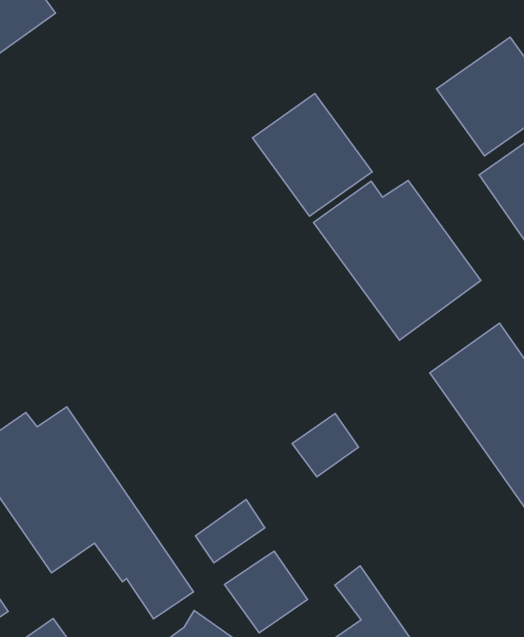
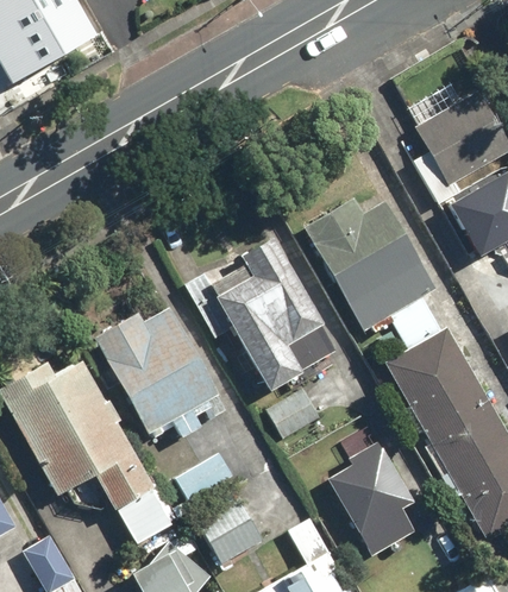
building: [252,94,372,216] -> none
building: none -> [209,238,334,393]
building: none -> [93,308,226,439]
building: none -> [326,440,415,556]

